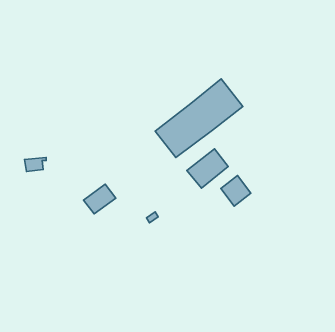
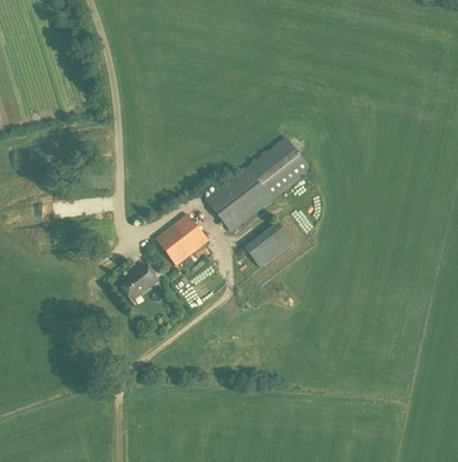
building: none -> [155,212,209,264]
building: [221,176,251,206] -> none

